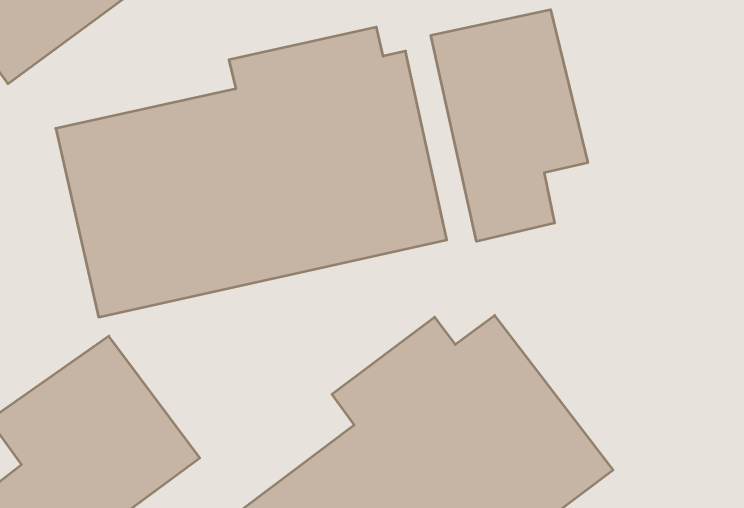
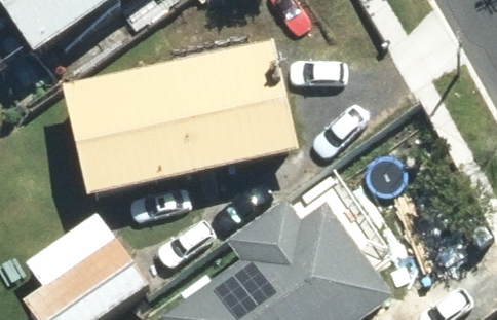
building: [431,10,588,241] -> none

